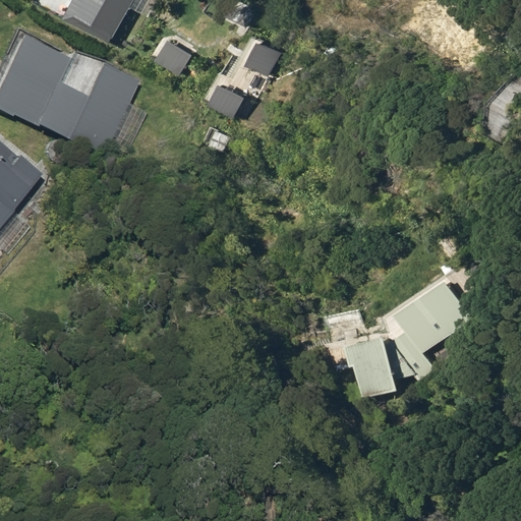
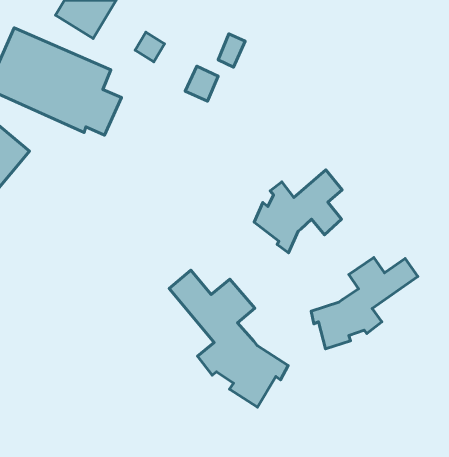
building: none -> [254,170,342,253]
building: none -> [169,270,288,407]

